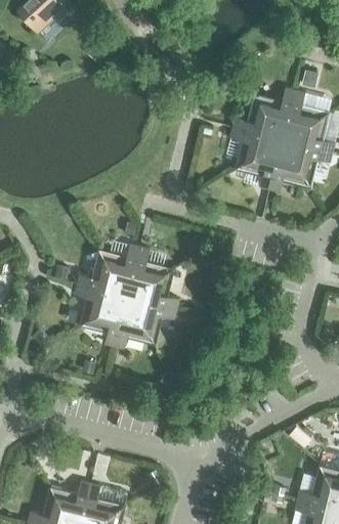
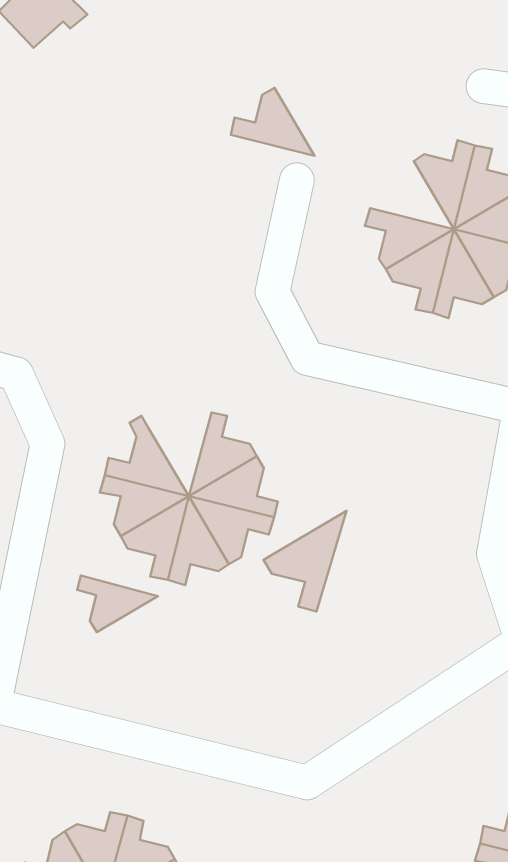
building: [232,98,282,138] -> [231,88,315,156]
building: [102,243,139,295] -> none
building: none -> [263,511,346,612]
building: none -> [77,575,158,632]

